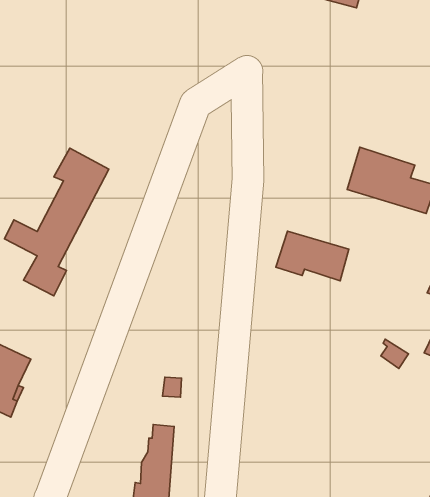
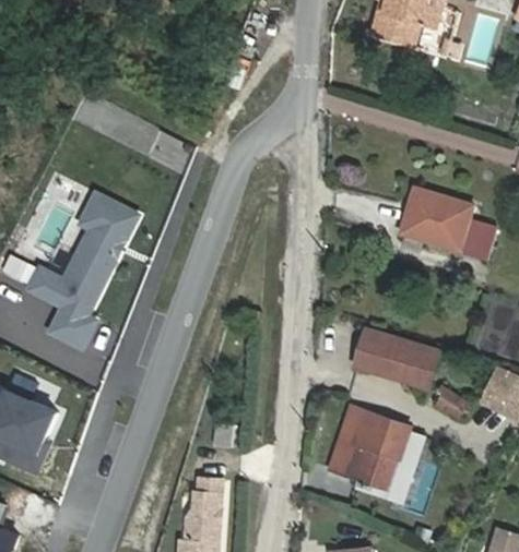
building: [276,231,349,281] -> [354,333,429,384]
building: none -> [328,407,408,490]

